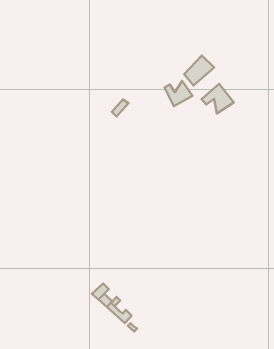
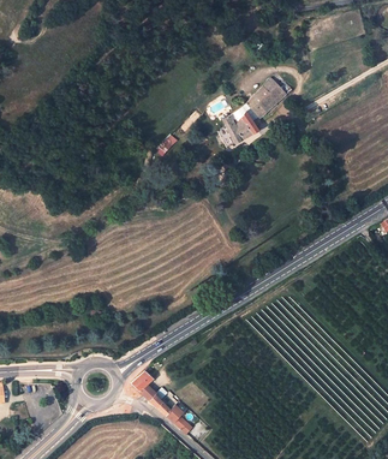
building: [202,84,234,113] -> none

